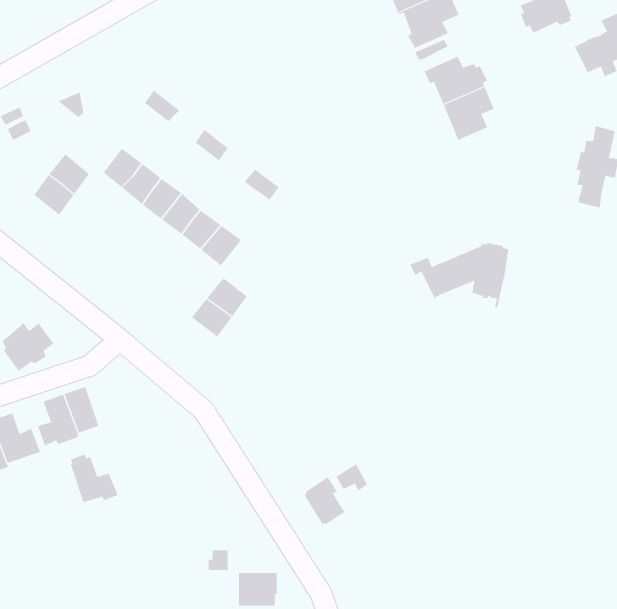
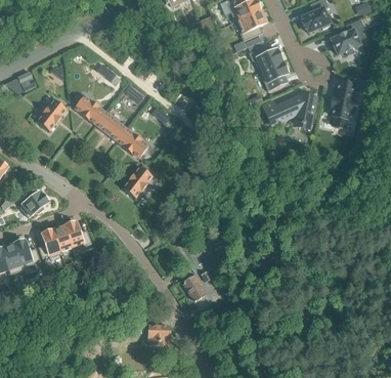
building: [410,242,509,308] -> [261,93,315,129]
building: [70,454,119,503] -> [64,220,91,247]

